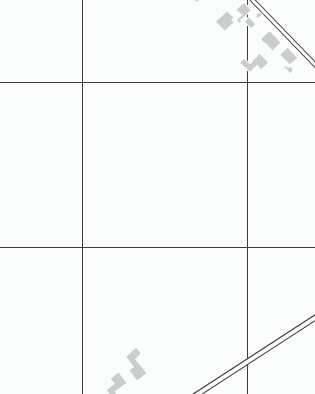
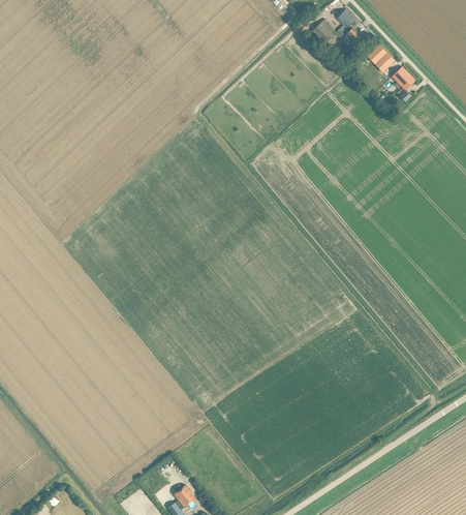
building: [239,53,269,72] -> none
building: [125,347,148,382] -> none

